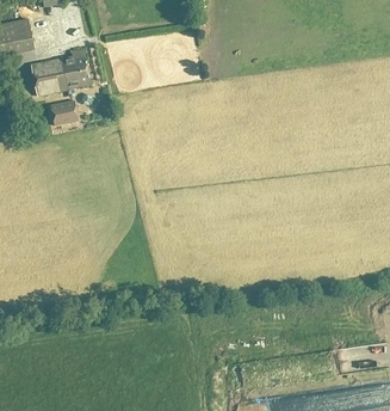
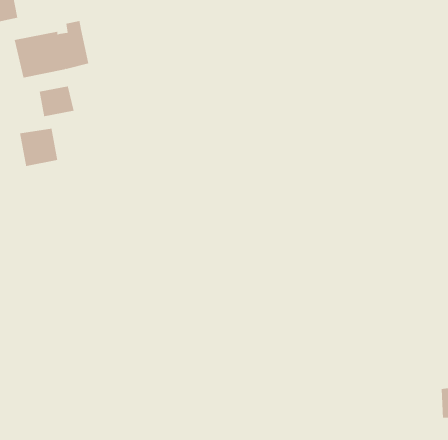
building: none -> [19,128,58,167]

